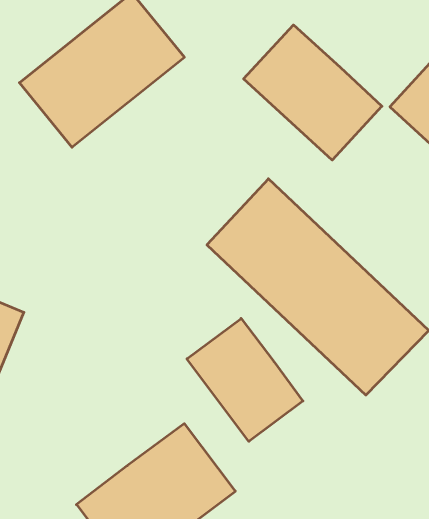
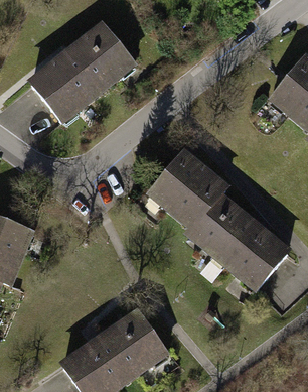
building: [244,25,382,160] -> none
building: [187,318,303,441] -> none

